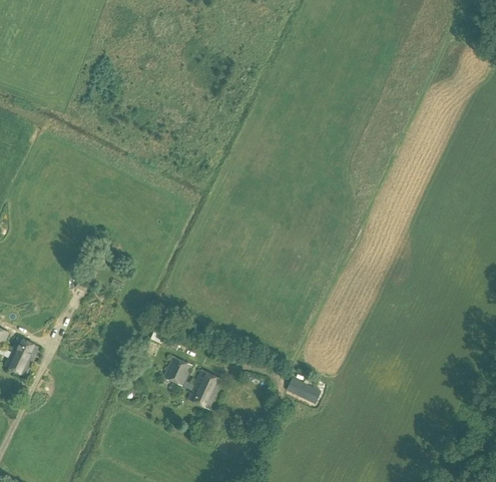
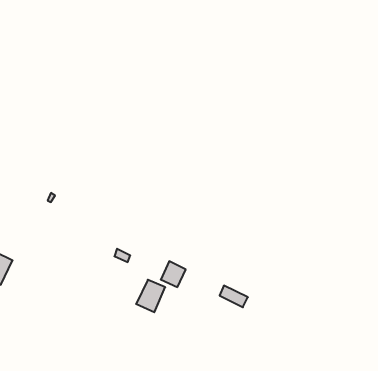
building: [162,356,192,387] -> [161,261,186,287]

